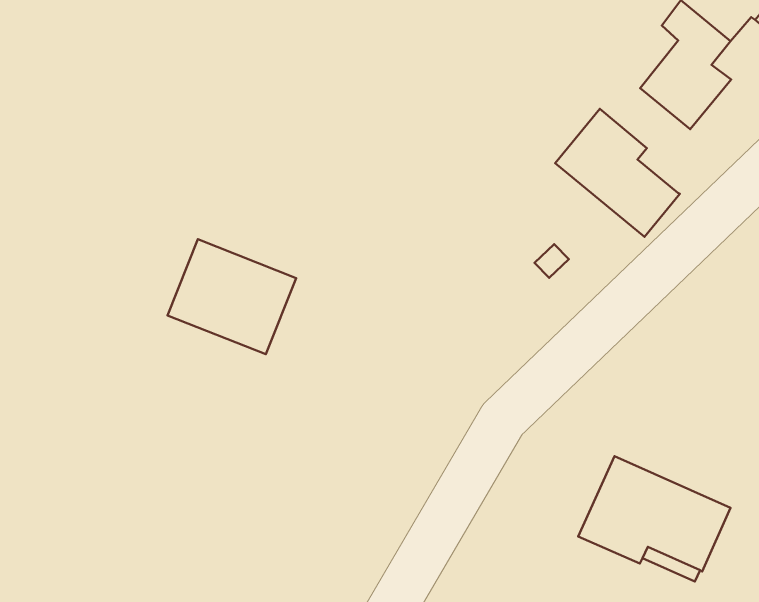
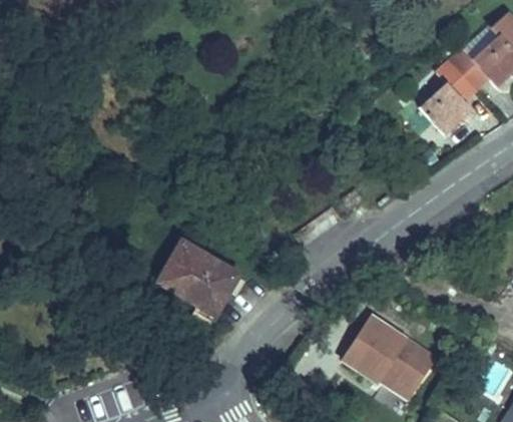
building: [555,109,680,237] -> none
building: [168,239,296,354] -> [159,242,236,314]

